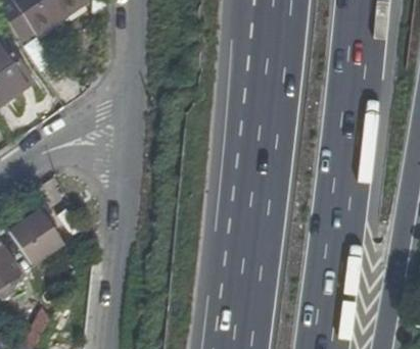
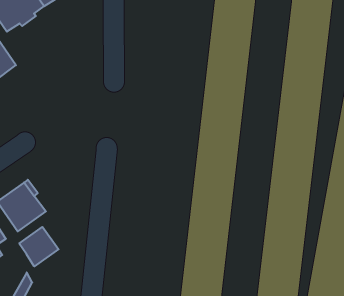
building: none -> [19,227,59,266]

